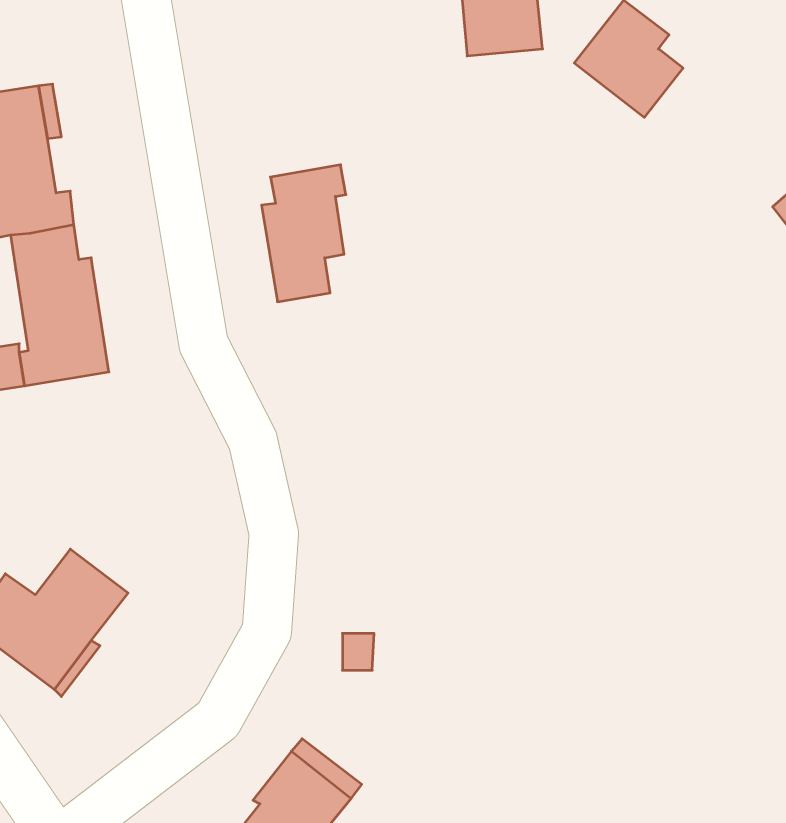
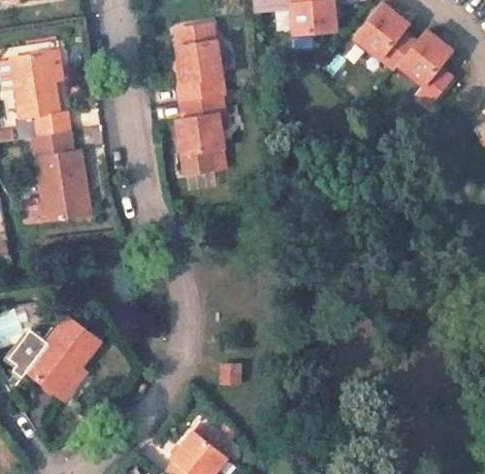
building: none -> [177,23,224,103]
building: none -> [399,29,453,104]

